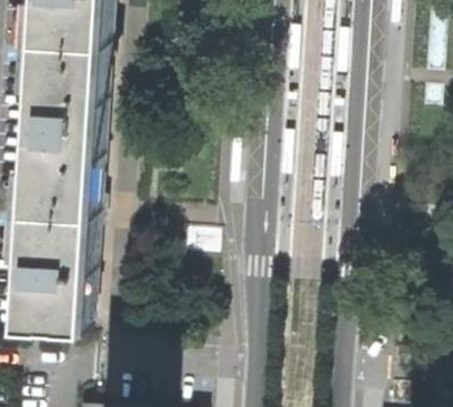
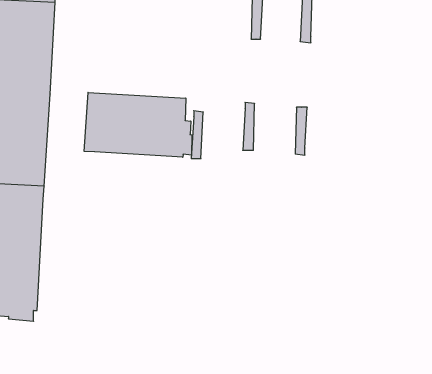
building: none -> [84,92,192,157]

